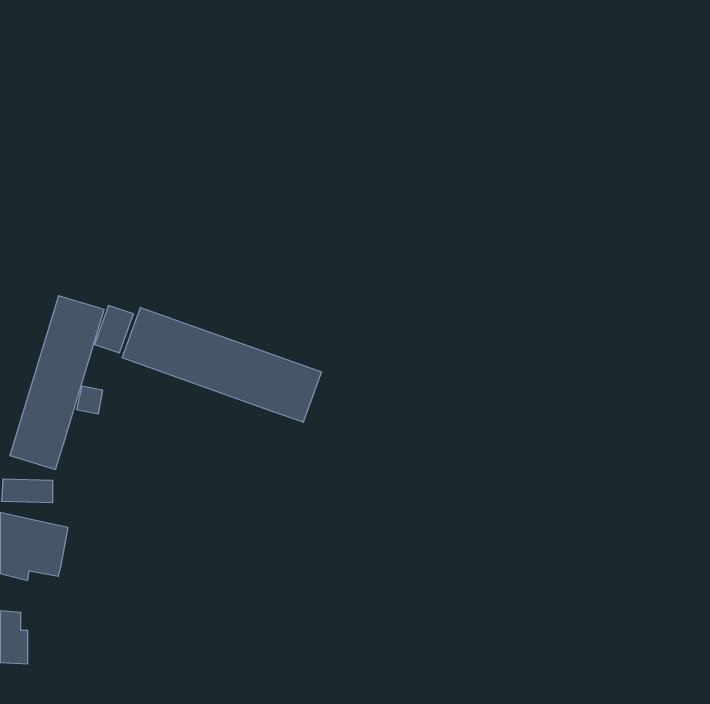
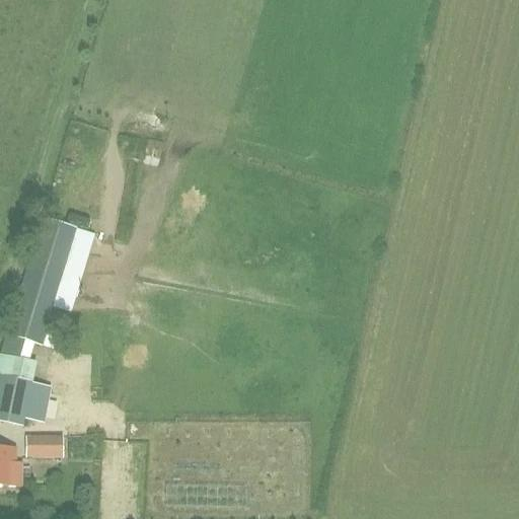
building: [122,307,321,422] -> none
building: none -> [31,435,63,456]

